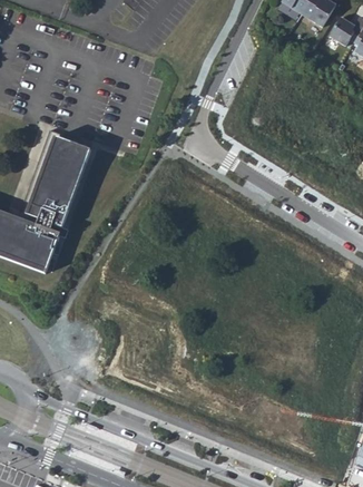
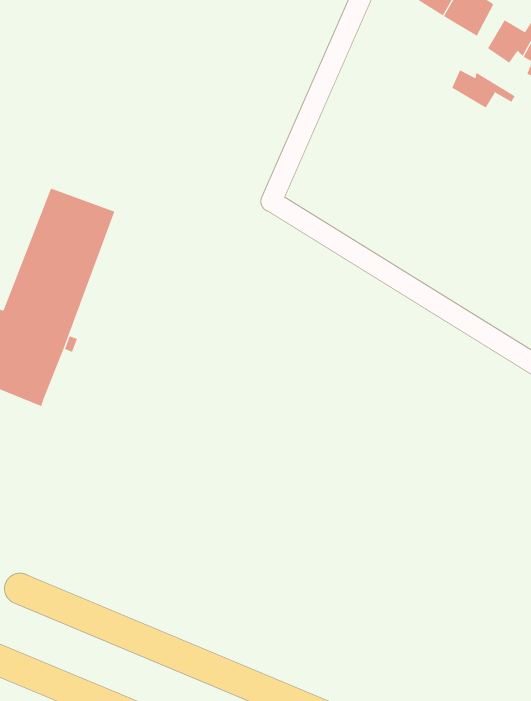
building: none -> [451,69,515,109]

